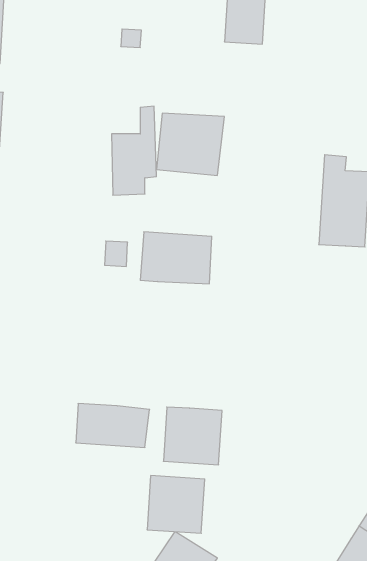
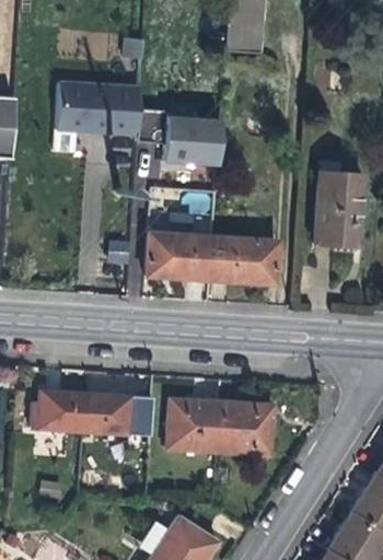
building: none -> [59,78,141,122]
building: none -> [211,235,280,284]
building: none -> [39,390,86,431]
building: [147,476,205,533] -> [220,400,275,455]

